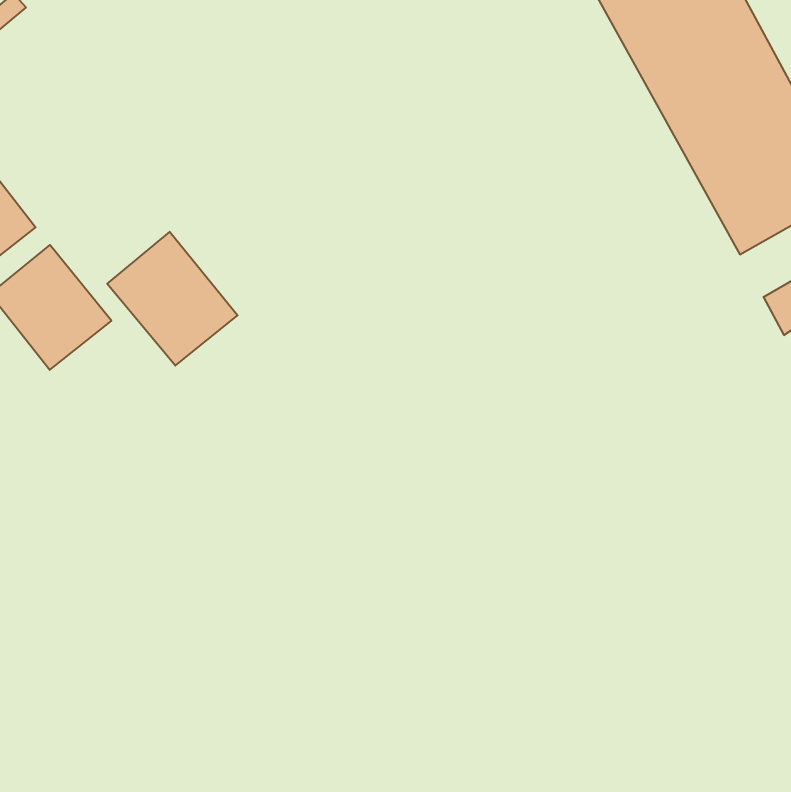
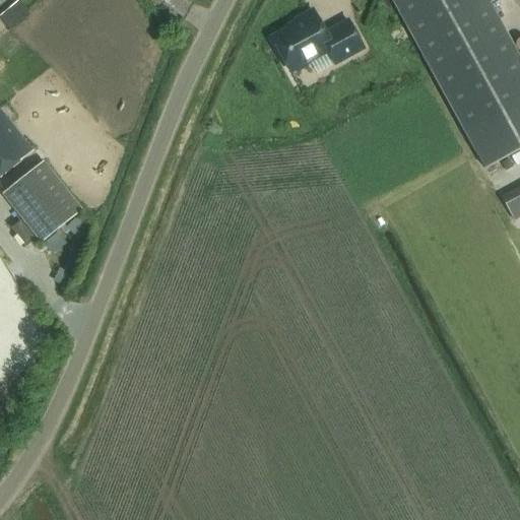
building: none -> [272,9,364,69]
building: [107,232,238,366] -> none

